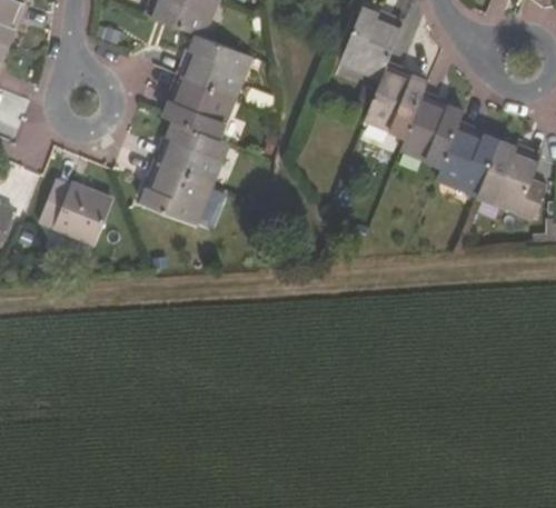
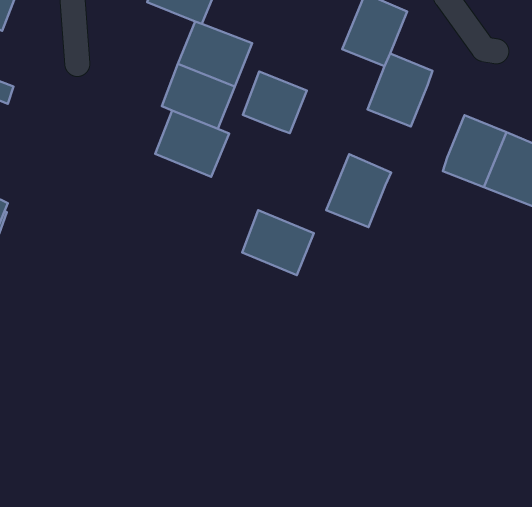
building: none -> [243,71,307,133]
building: [400,94,464,166] -> [326,154,391,227]
building: [141,162,211,226] -> [242,210,314,275]
building: [39,179,112,243] -> none

